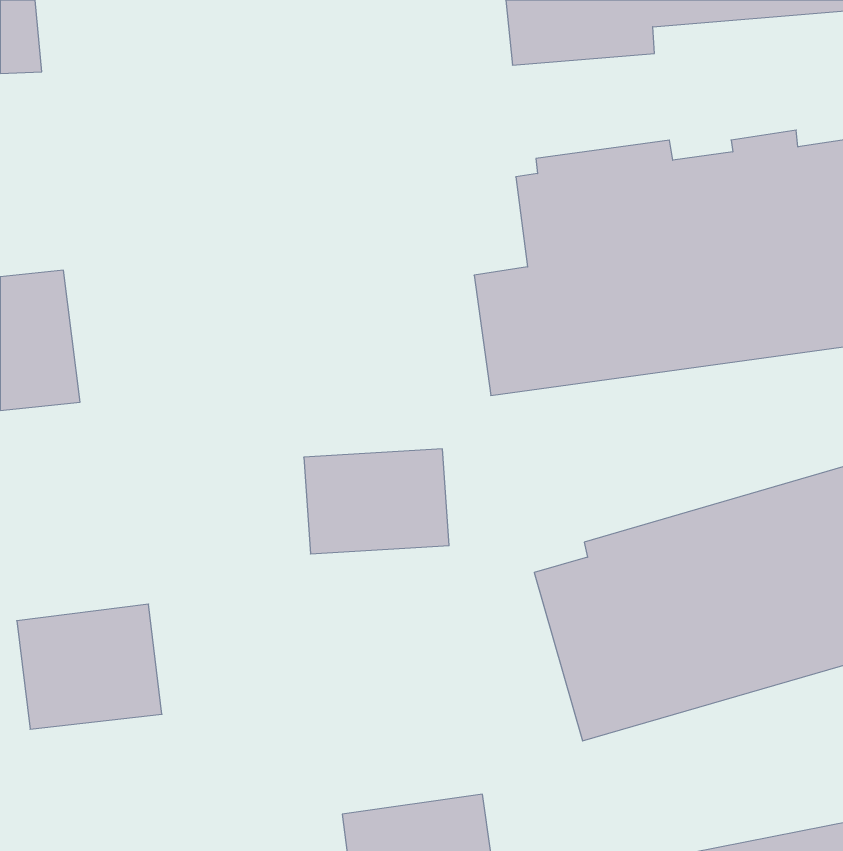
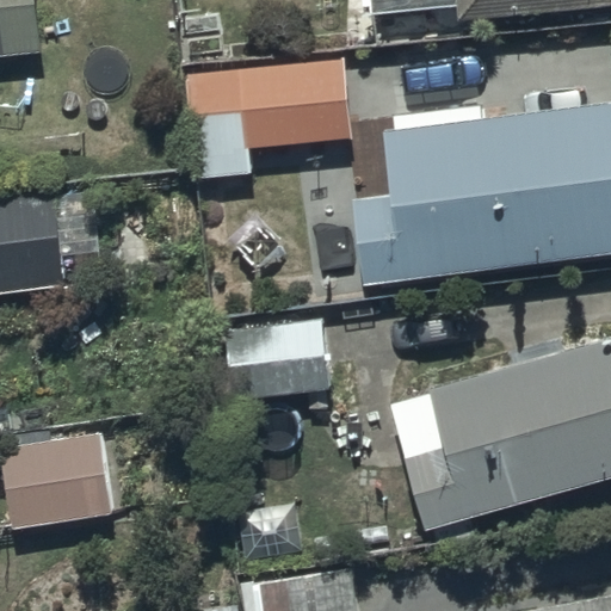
building: none -> [185,61,352,178]

